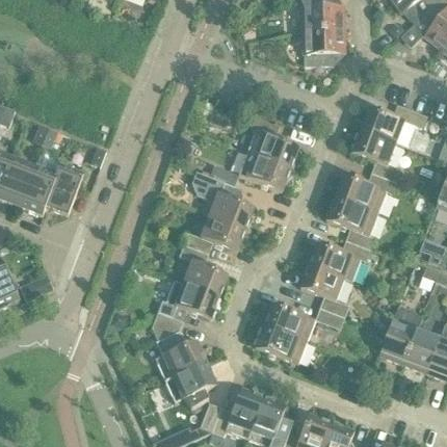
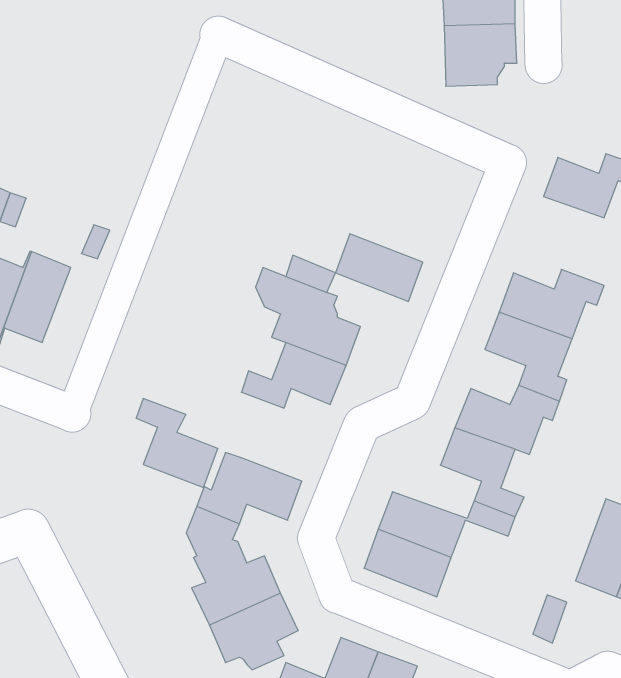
building: [246,116,298,168] -> none
building: [351,130,399,182] -> none
building: [179,244,227,296] -> [136,399,218,488]

